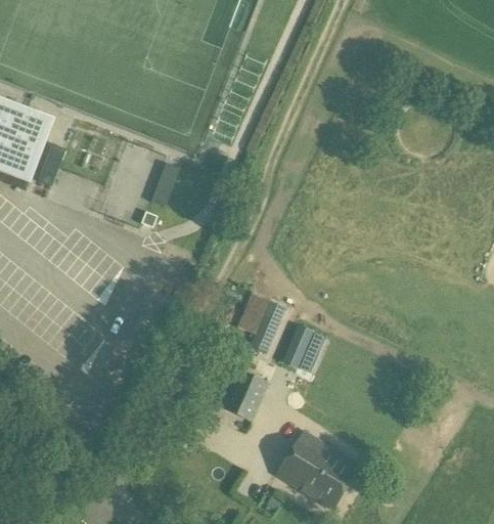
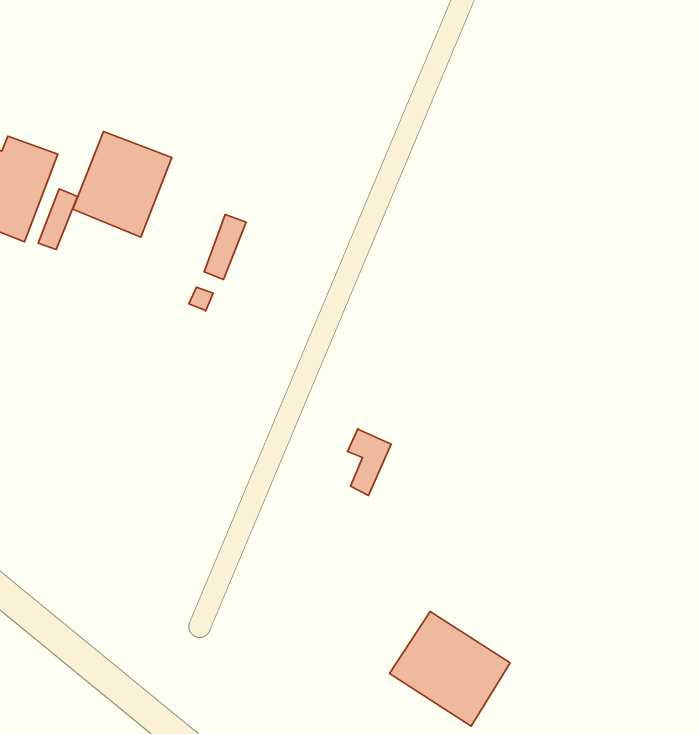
building: none -> [73,131,172,237]
building: [282,324,313,366] -> none
building: [224,369,267,419] -> none

